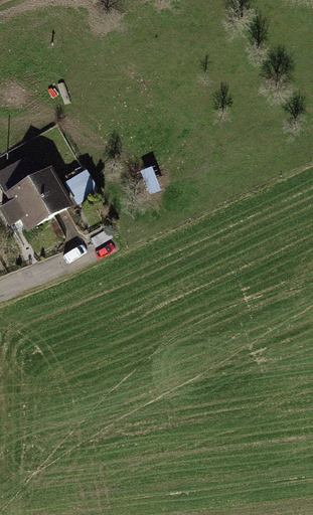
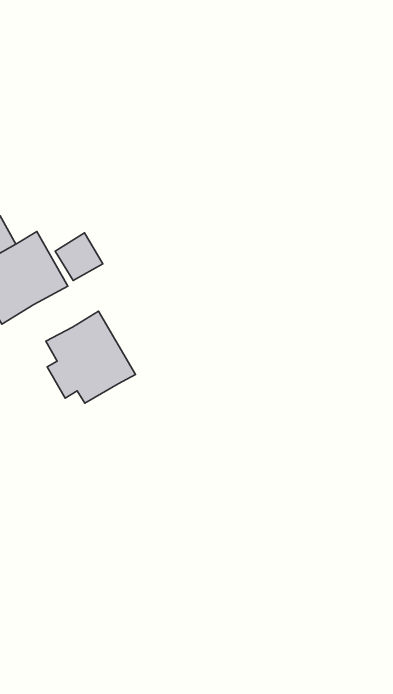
building: none -> [46,311,135,403]

